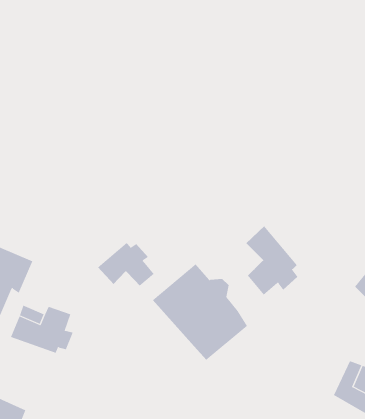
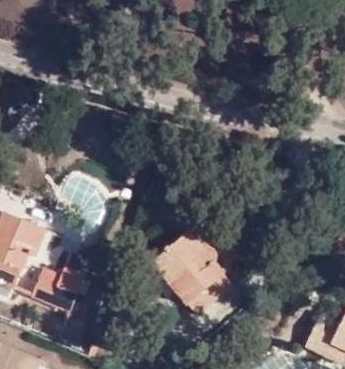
building: [246,225,298,295] -> none
building: [97,242,155,287] -> none

